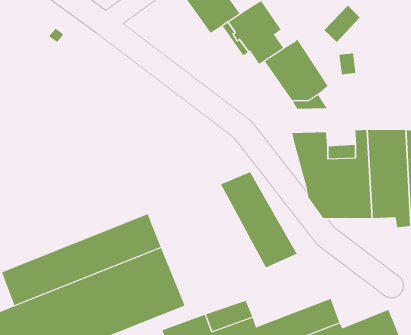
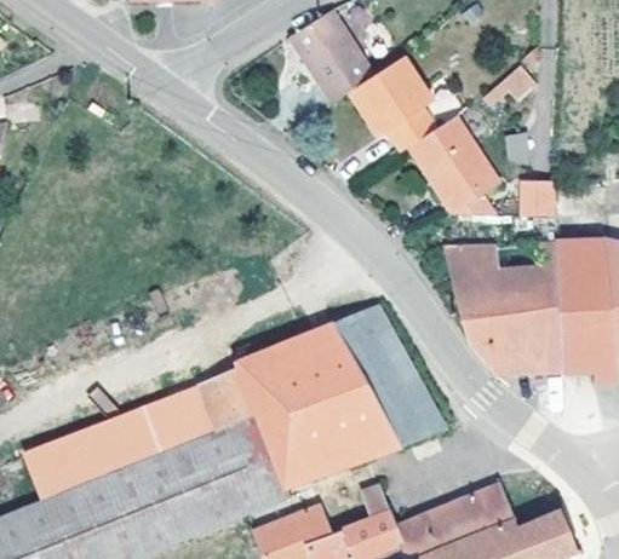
building: none -> [517,179,554,213]
building: none -> [236,321,406,491]

